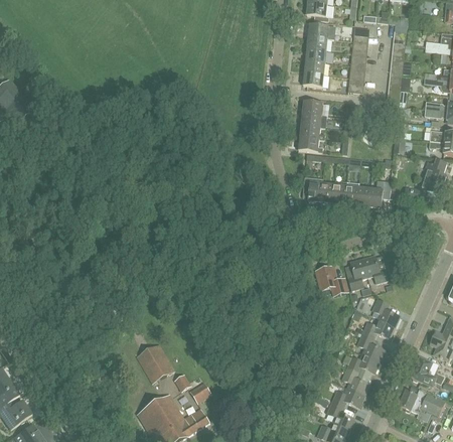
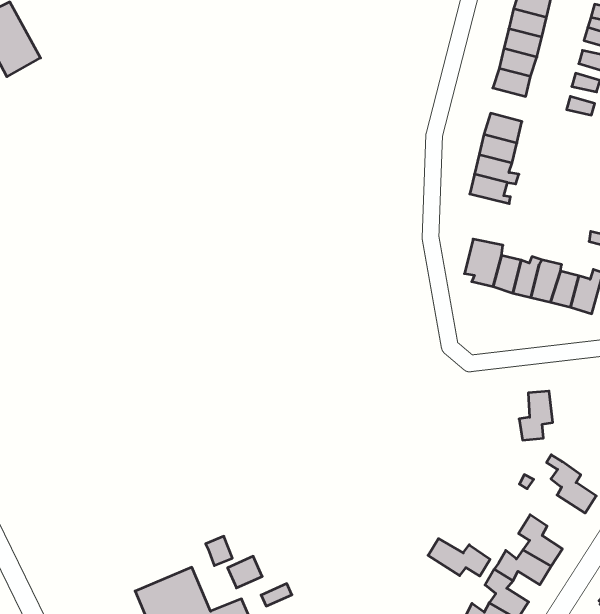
building: [362,255,388,282] -> none
building: [316,266,347,294] -> none
building: [362,318,395,338] -> none
building: [137,343,173,382] -> none
building: none -> [428,539,490,576]

